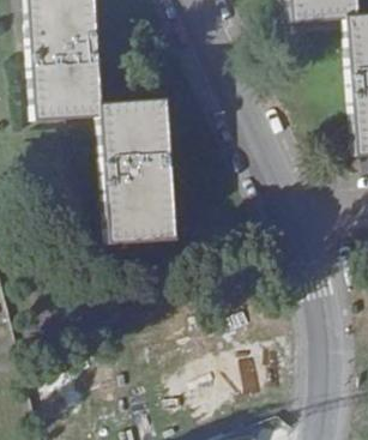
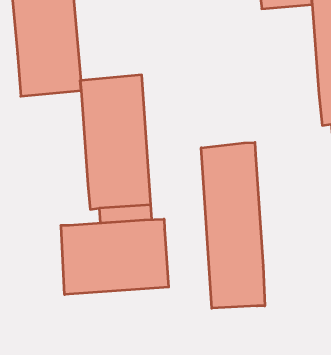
building: none -> [201,142,265,308]
building: none -> [61,219,169,295]

